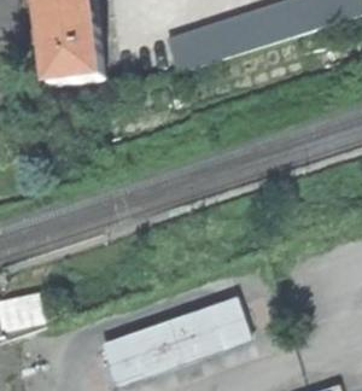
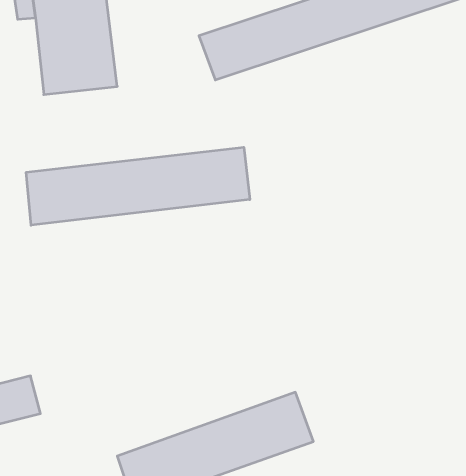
building: none -> [26,147,250,225]

